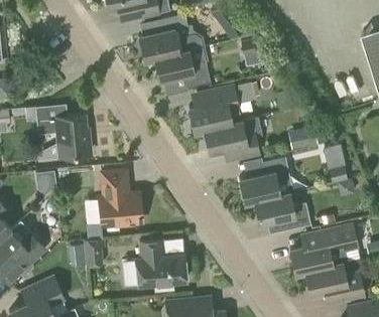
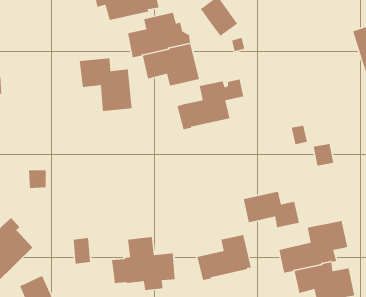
building: [34,105,88,159] -> [79,57,132,112]
building: [202,121,259,163] -> none
building: [237,158,292,204] -> [196,234,252,281]
building: [98,170,141,226] -> none

